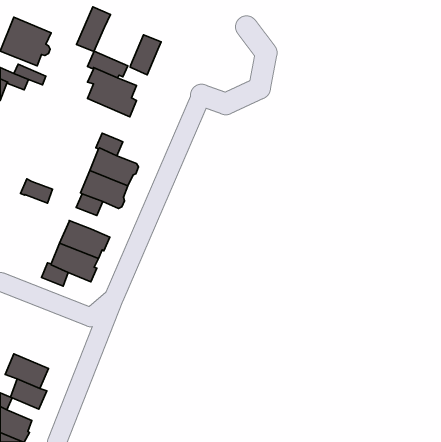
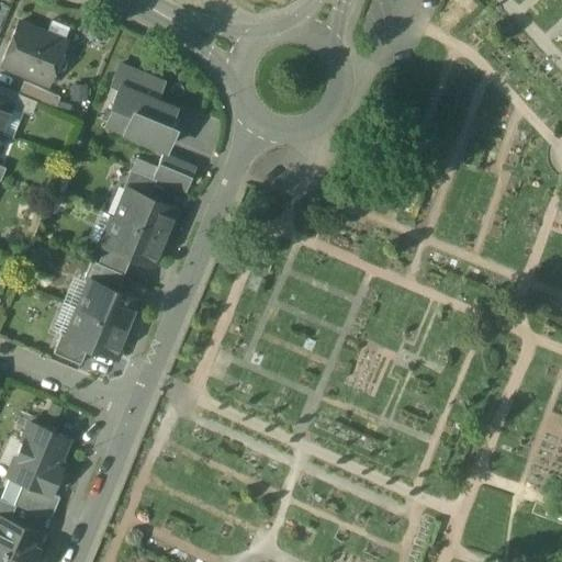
building: [77,7,111,52] -> none
building: [130,35,161,75] -> none
building: none -> [153,154,195,192]
building: [21,179,53,203] -> [83,260,124,291]
building: none -> [19,423,68,468]

